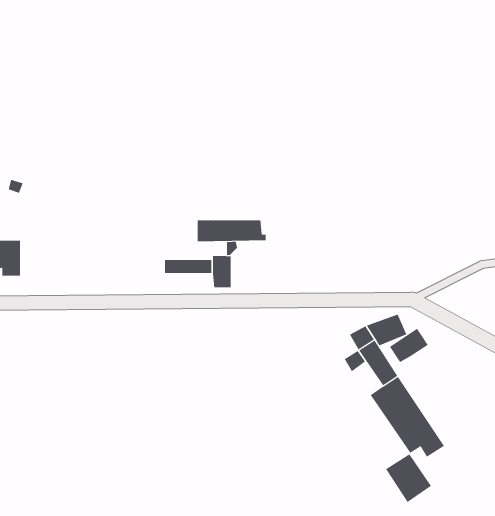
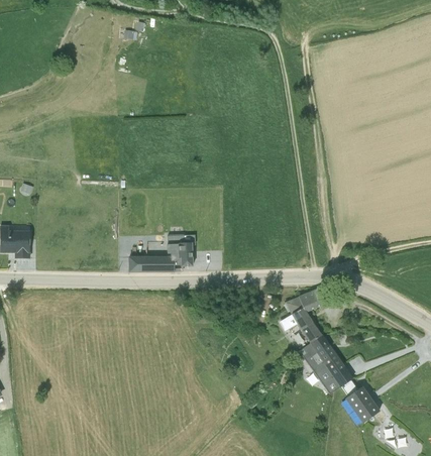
building: [197,220,266,242] -> [127,255,182,272]
building: [389,328,429,363] -> none
building: [385,454,432,503] -> [345,386,382,425]

